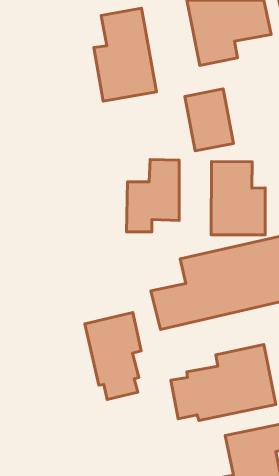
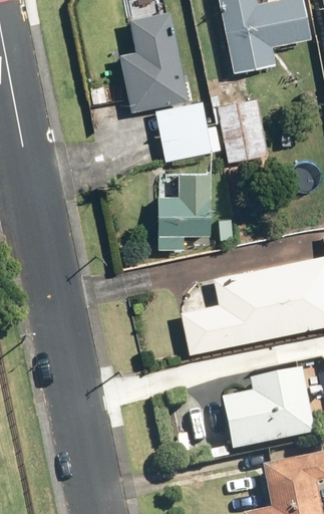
building: none -> [156,98,214,160]
building: [211,161,265,235] -> none
building: [85,312,141,400] -> none

